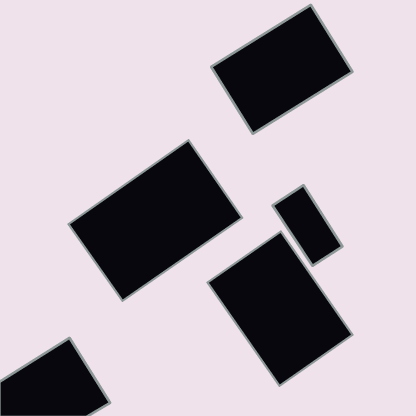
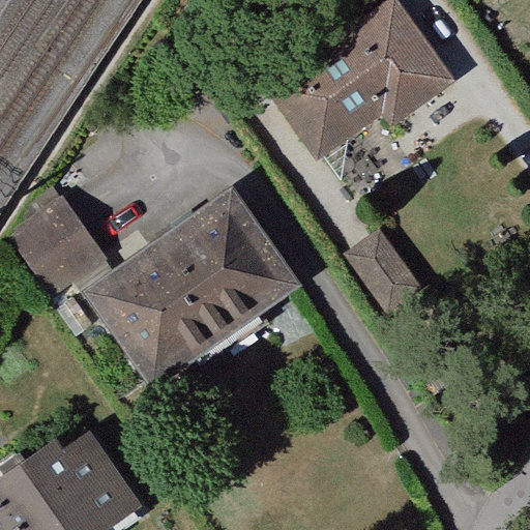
building: none -> [13,193,98,283]
building: [208,231,353,386] -> none

